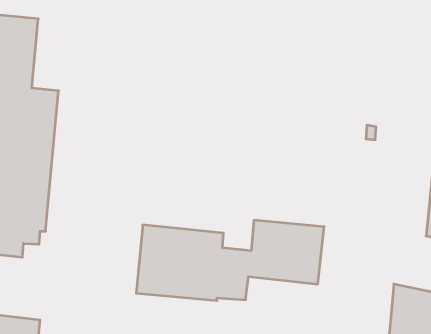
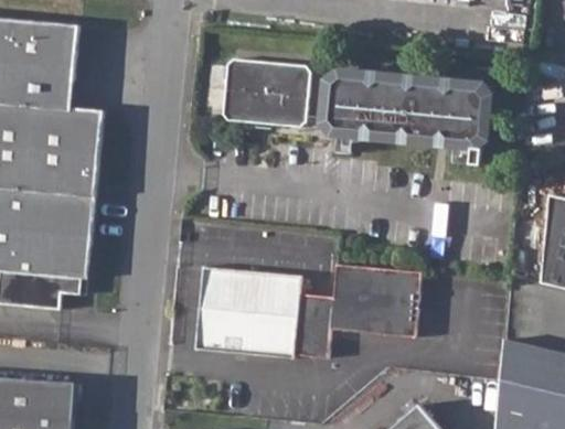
building: none -> [220,57,309,127]
building: none -> [328,76,482,142]

